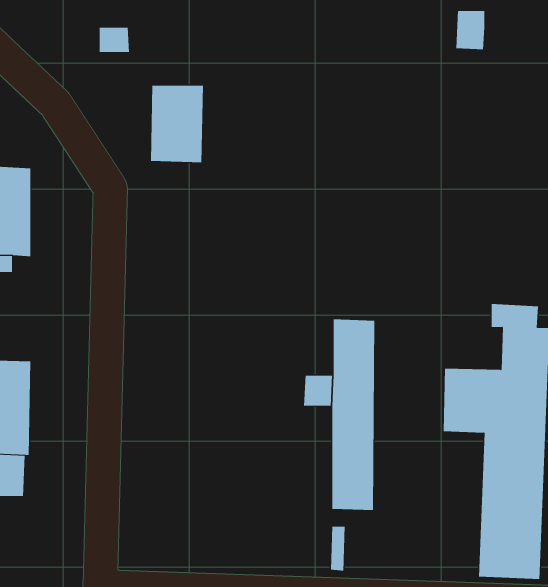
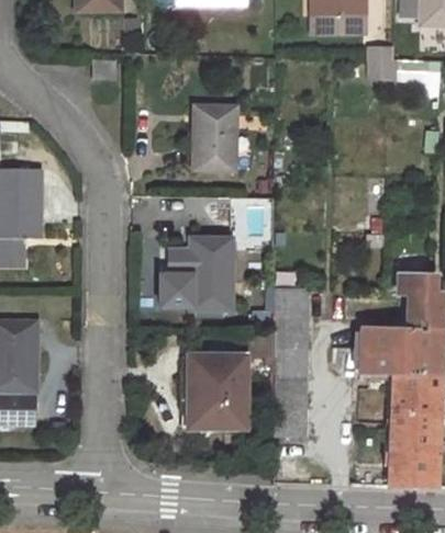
building: [150,85,204,163] -> [192,109,234,169]
building: none -> [162,238,231,308]
building: none -> [188,356,245,426]

